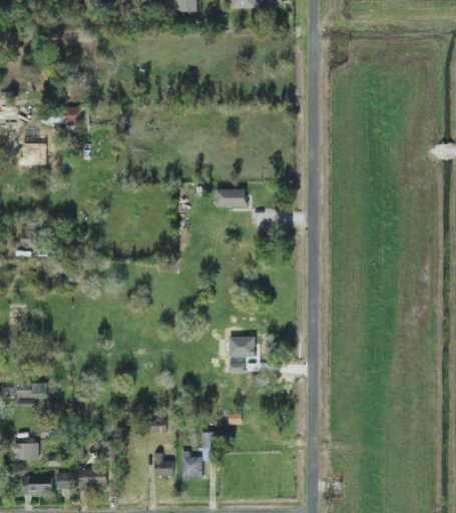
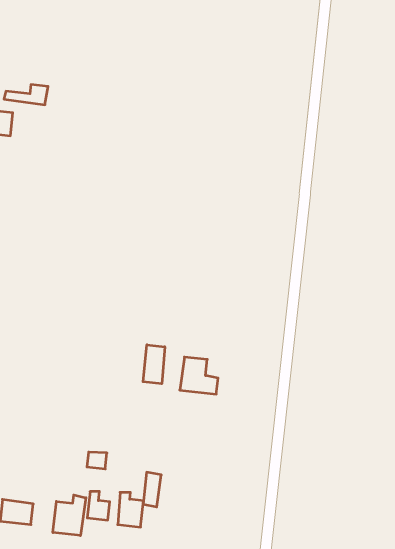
building: [215,189,246,207] -> none
building: none -> [143,345,165,384]
building: none -> [53,495,86,536]

